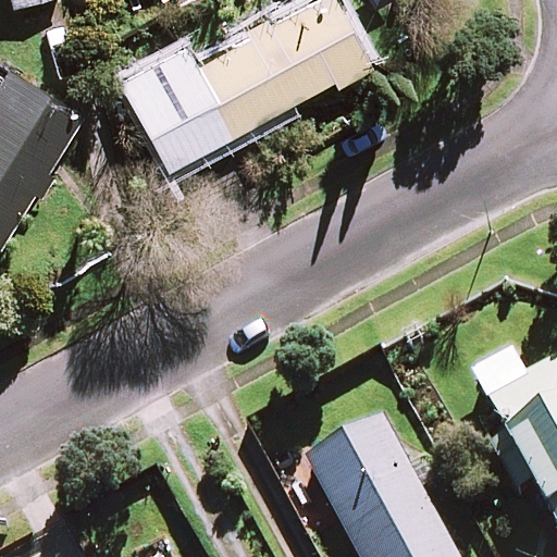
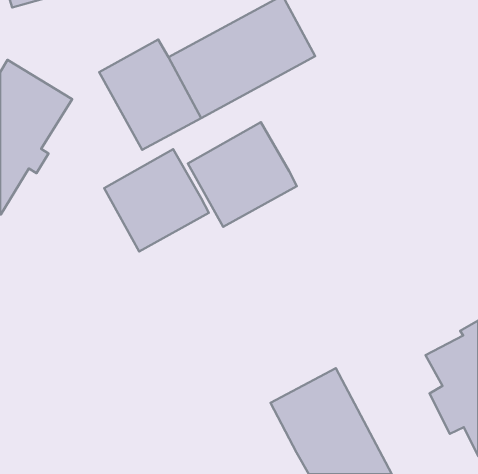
building: none -> [188,122,297,227]
building: none -> [104,149,209,252]

